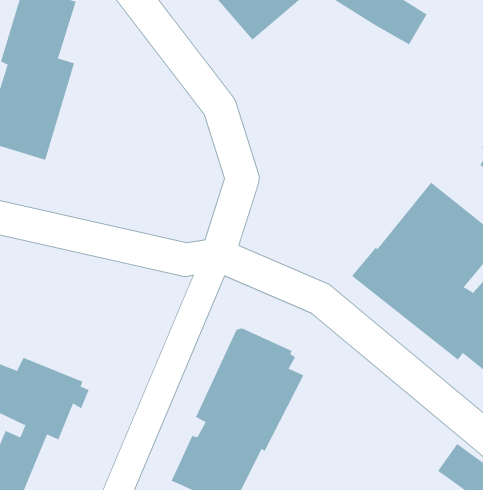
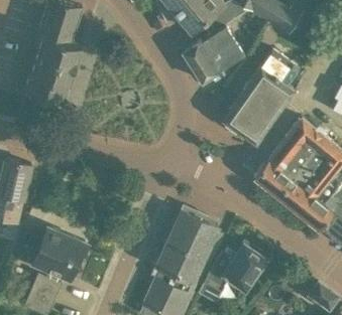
building: none -> [182,24,244,82]
building: none -> [222,52,299,144]
building: none -> [203,243,265,291]

